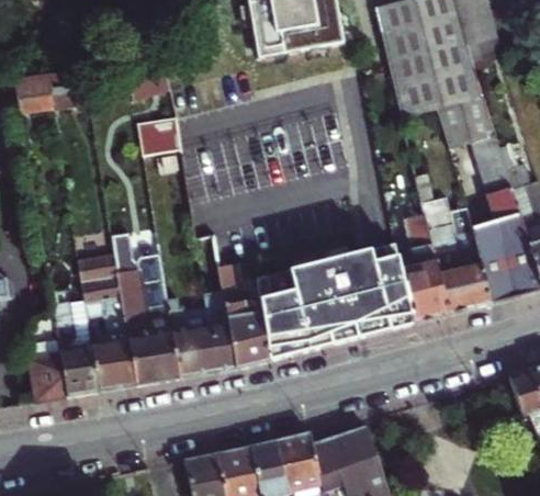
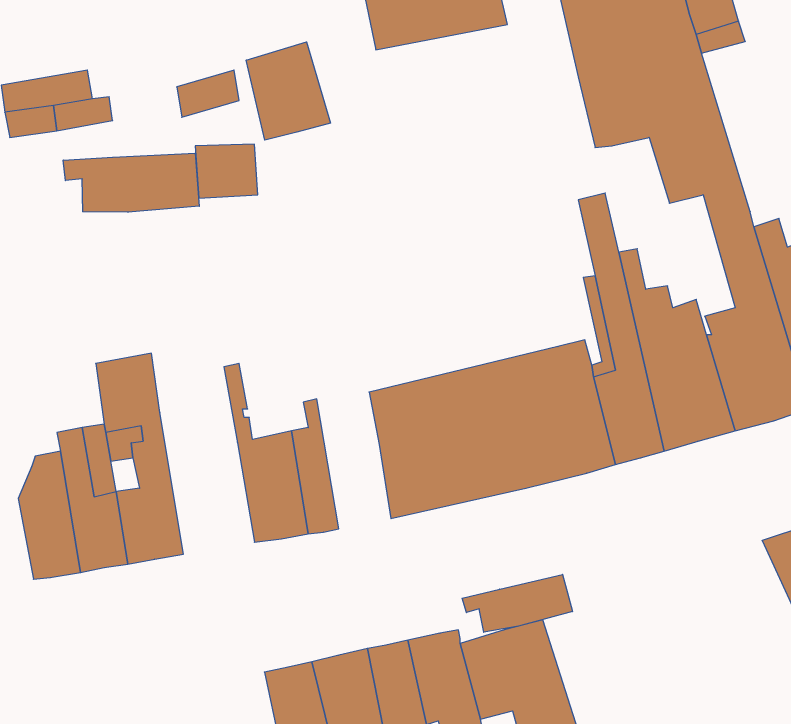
building: none -> [246,42,330,140]
building: none -> [63,153,199,212]
building: [110,228,180,383] -> none
building: [218,263,269,367] -> none
building: none -> [462,574,572,632]

